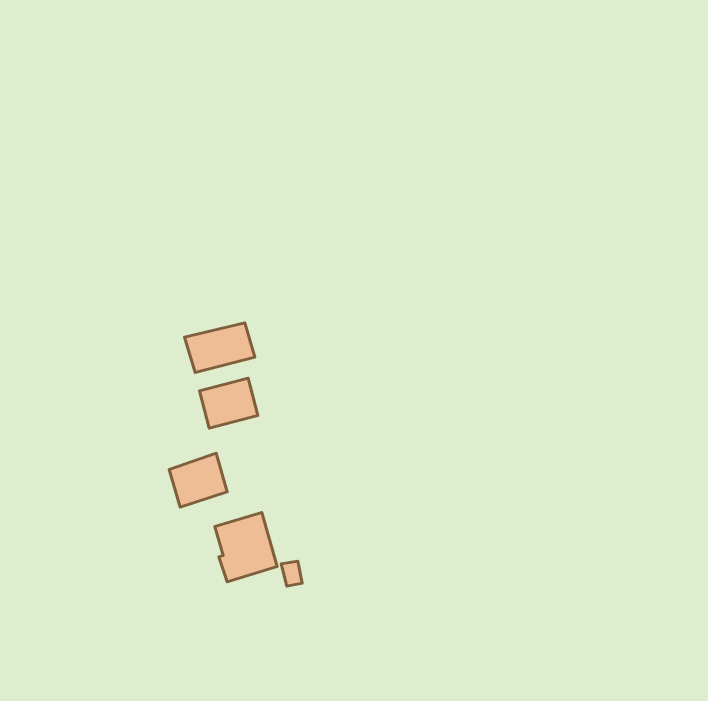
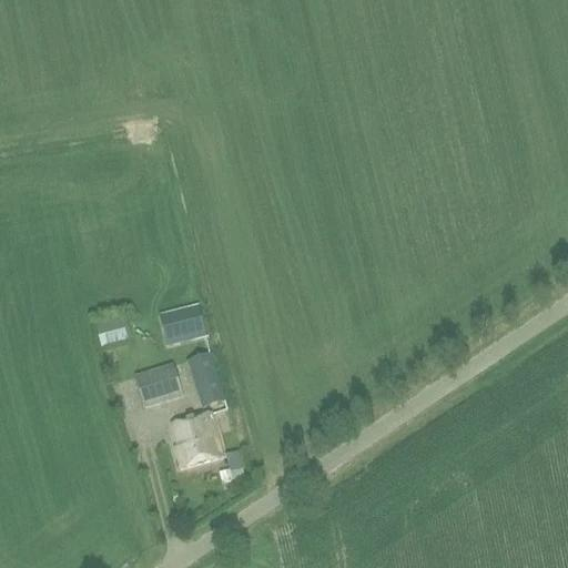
building: [184,323,255,372] -> none
building: none -> [187,351,224,405]

